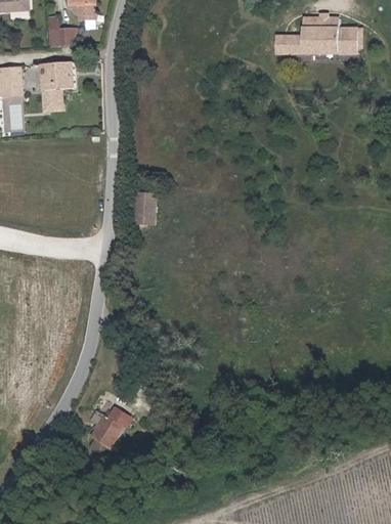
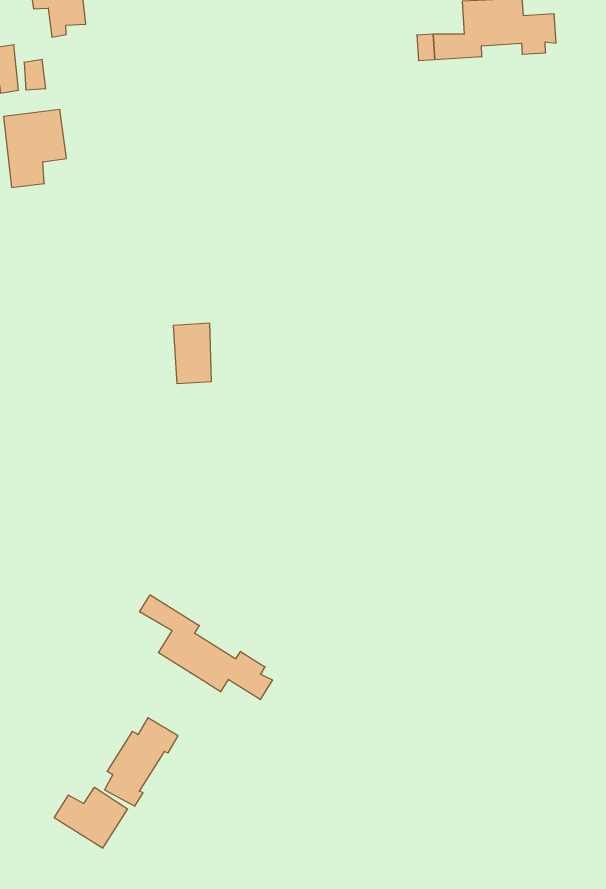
building: none -> [140,595,272,700]
building: none -> [54,787,128,848]

